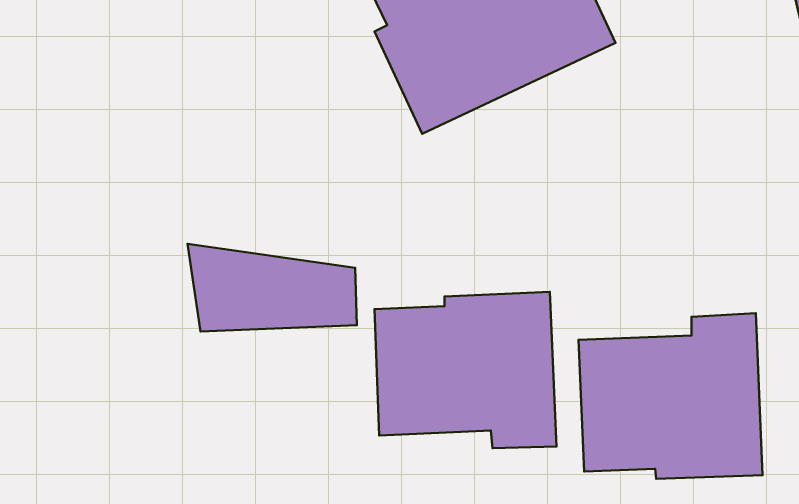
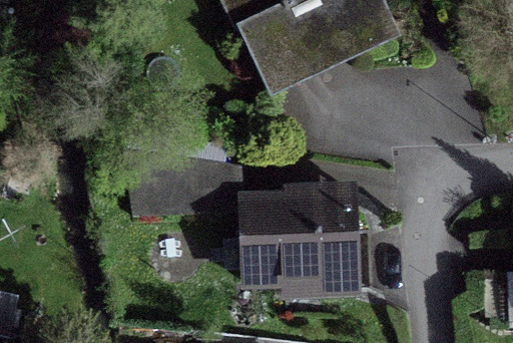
building: [578,313,763,479] -> none

